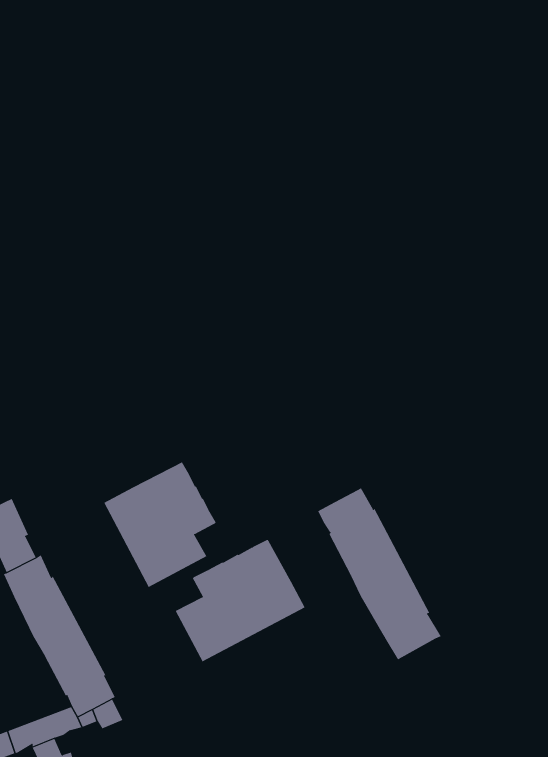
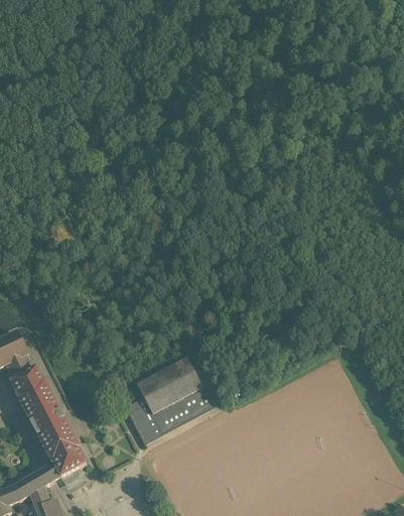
building: [103,461,217,588] -> none
building: [318,488,441,660] -> none

